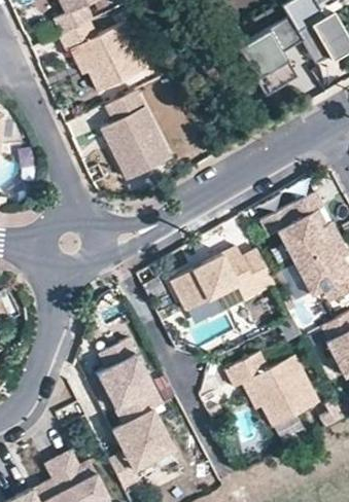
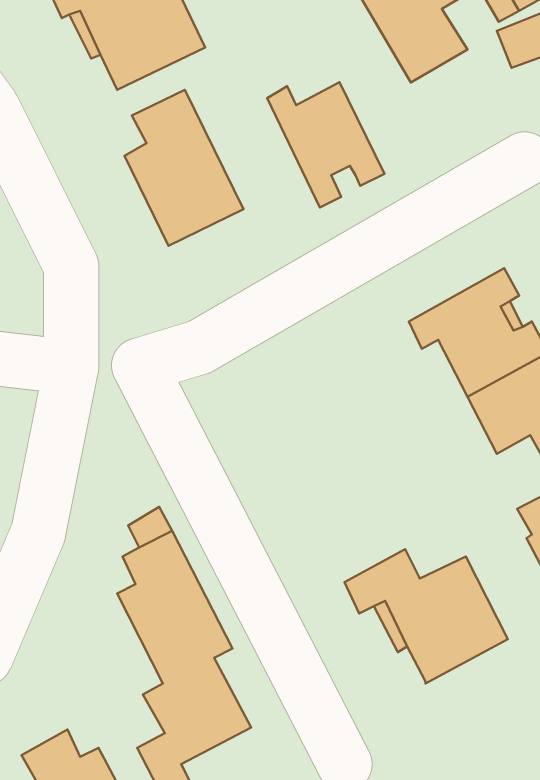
building: none -> [267,82,384,207]
building: [172,249,276,313] -> none

